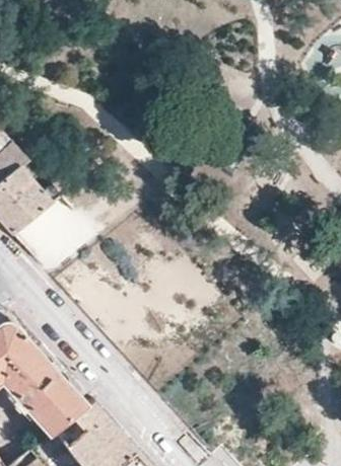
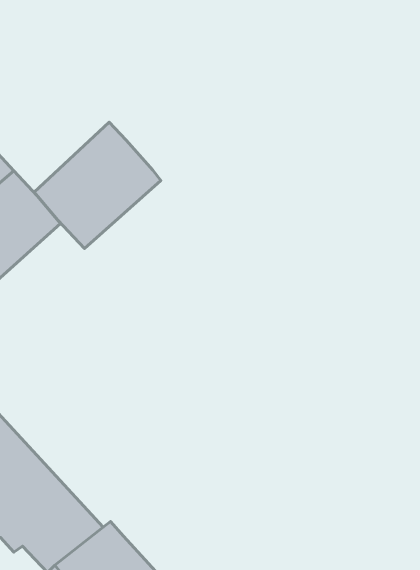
building: none -> [34,122,161,249]

